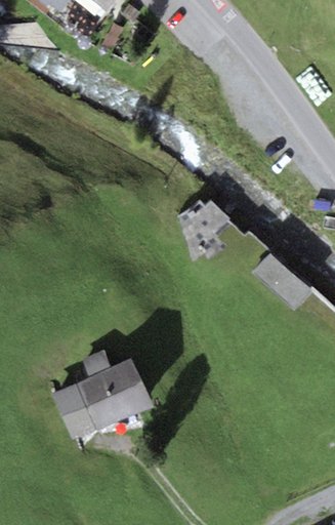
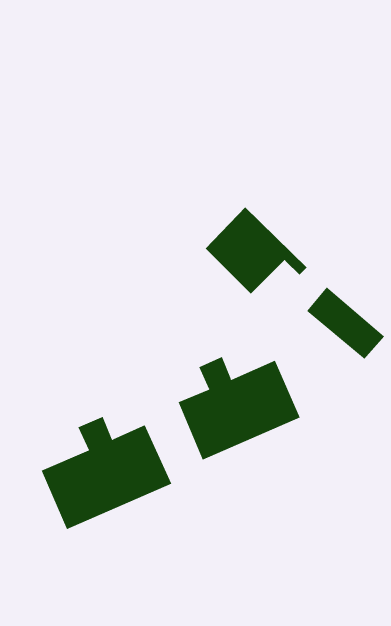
building: none -> [178,356,301,460]

